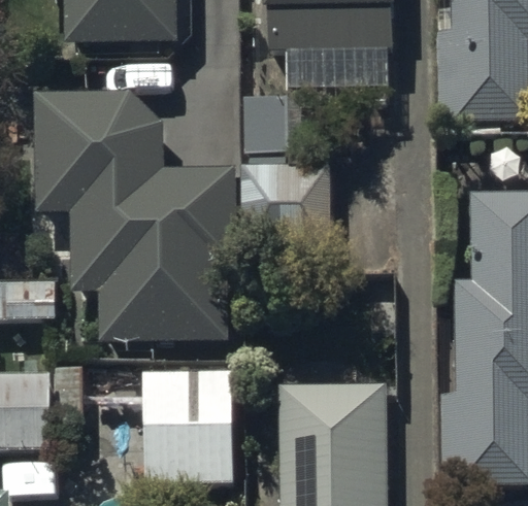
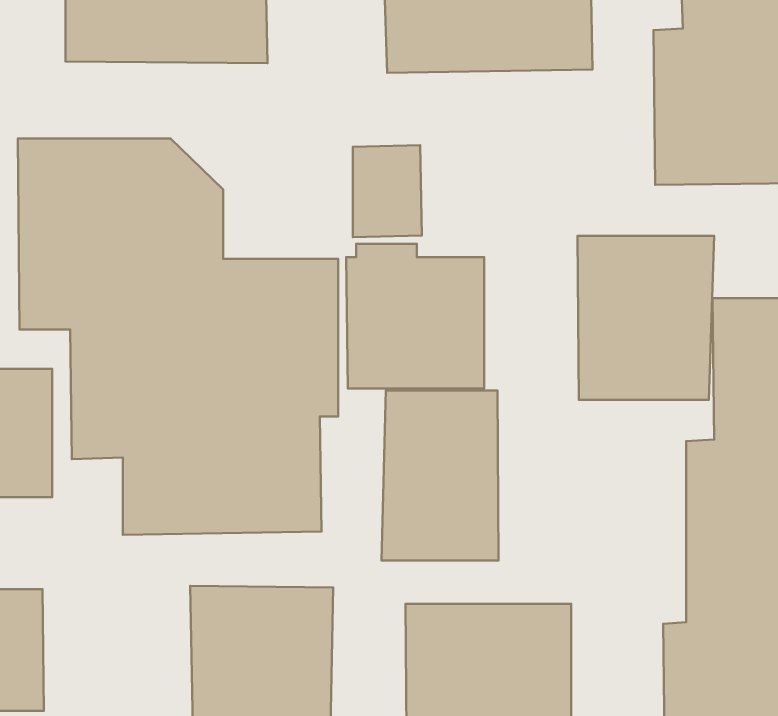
building: none -> [578,236,714,400]
building: none -> [381,391,498,560]

